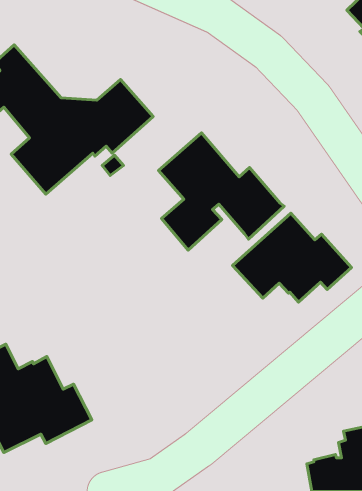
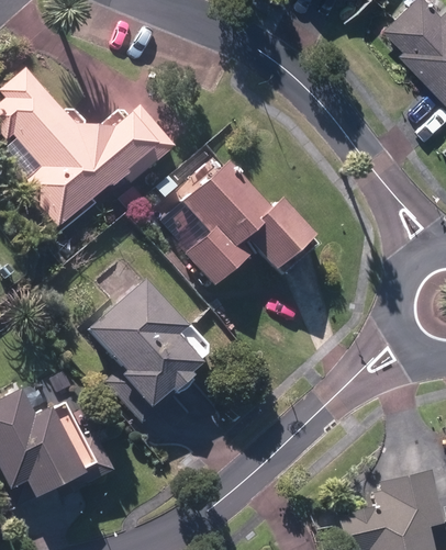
building: [232,213,351,302] -> none
building: none -> [88,279,208,414]

